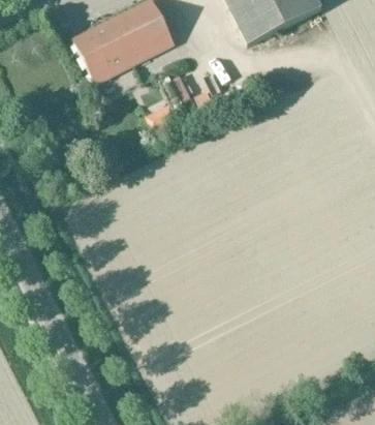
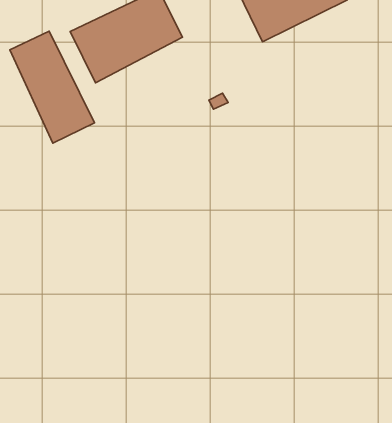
building: none -> [10,31,95,143]

